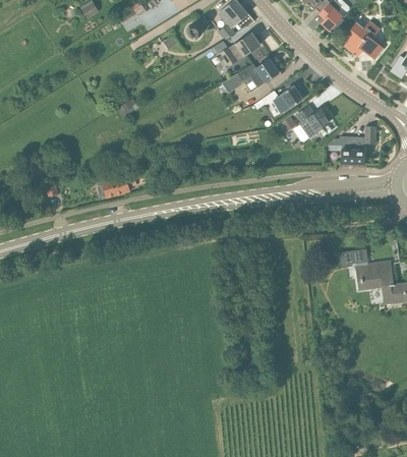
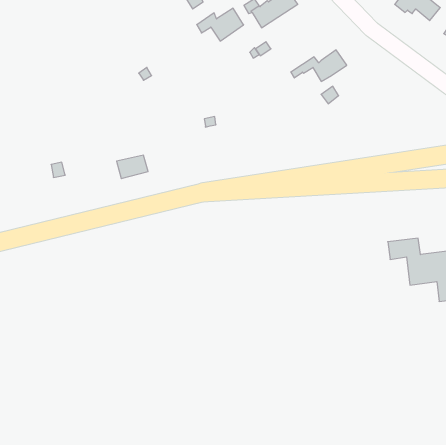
building: [238,58,279,87] -> [197,8,244,41]
building: [296,106,330,137] -> none
building: [327,127,376,168] -> none

